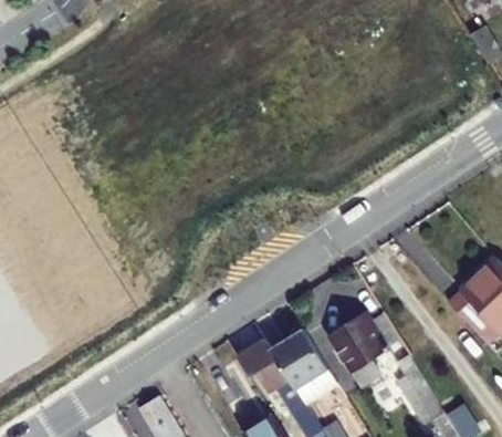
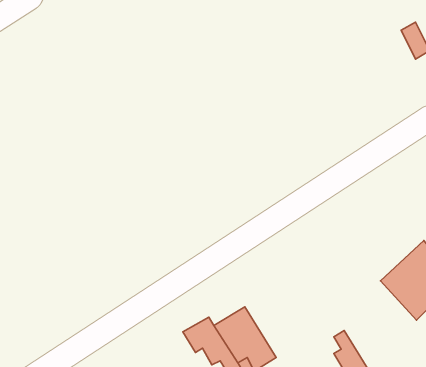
building: [328,312,399,385] -> none

